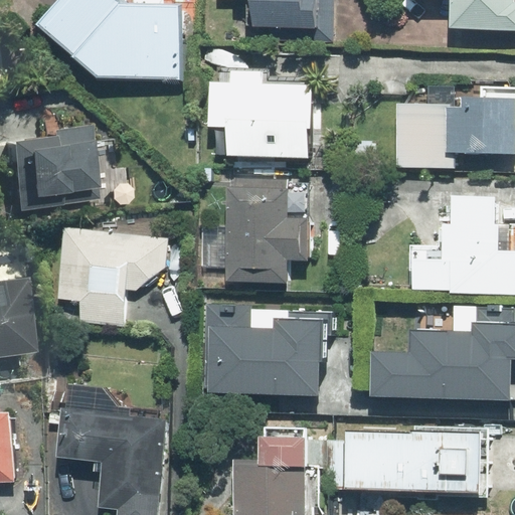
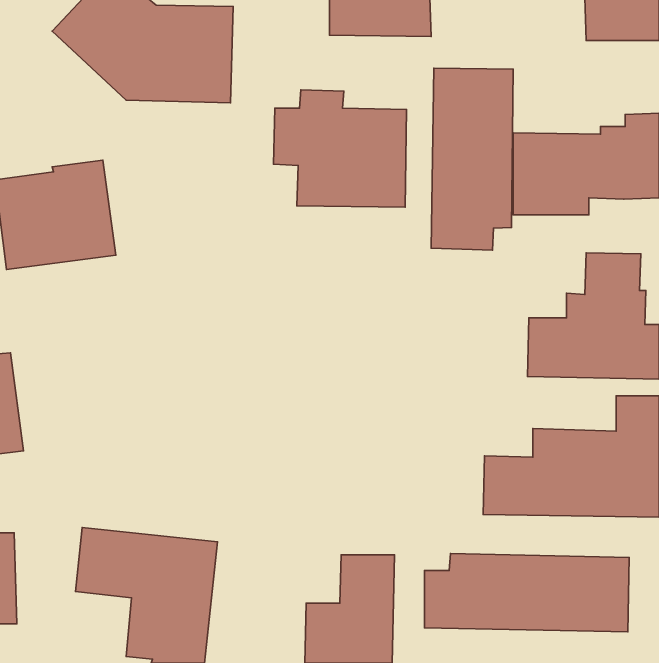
building: none -> [431,68,513,250]
building: [226,177,309,283] -> none
building: [58,227,166,327] -> none
building: [205,303,326,397] -> none

